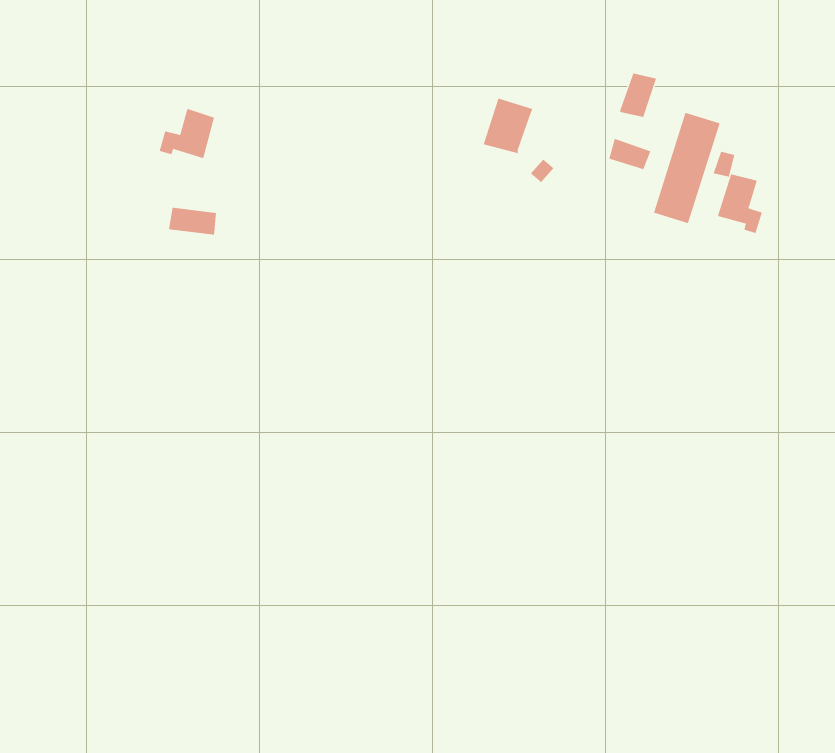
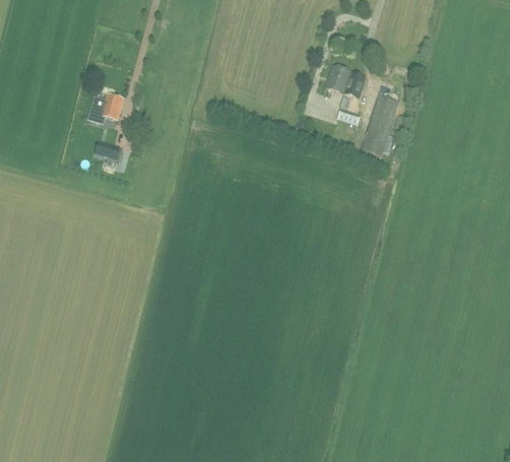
building: [483,98,533,154] -> [324,64,352,94]
building: [717,174,763,234] -> none

